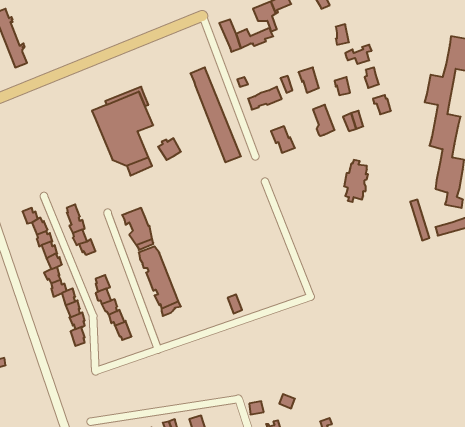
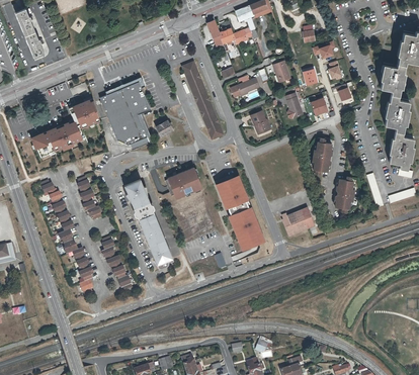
building: none -> [30,100,101,159]
building: none -> [168,166,203,198]
building: none -> [216,175,266,252]
building: none -> [334,177,353,212]
building: none -> [281,208,315,237]

